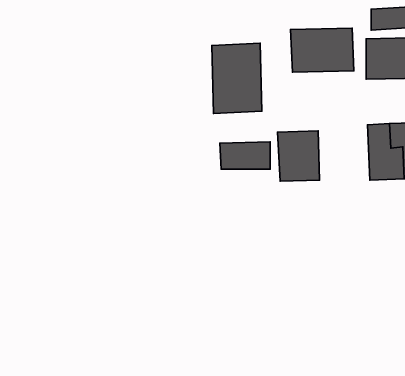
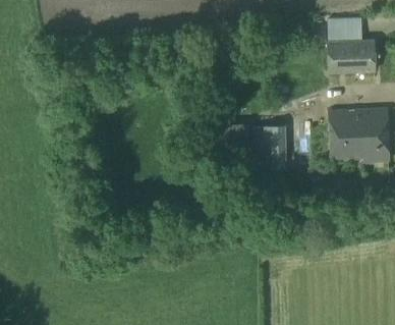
building: [291,28,354,72] -> none
building: [212,43,262,113] -> none

